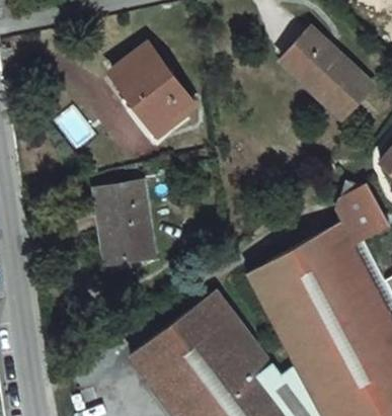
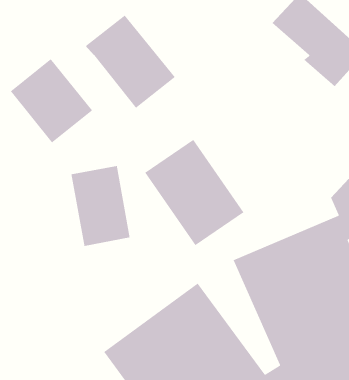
building: none -> [10,58,93,143]
building: none -> [144,139,244,246]

